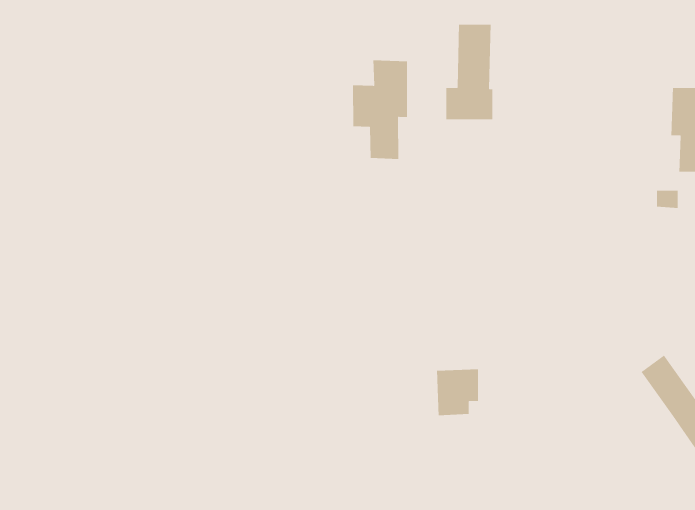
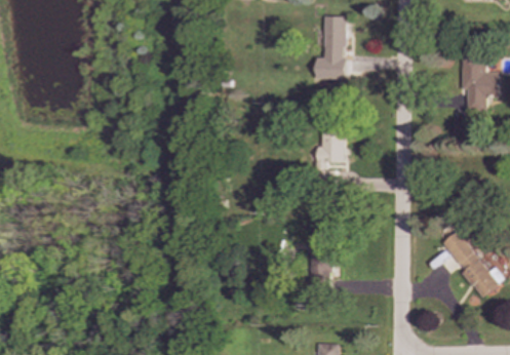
building: [352,60,408,160] -> none
building: none -> [317,130,344,162]

